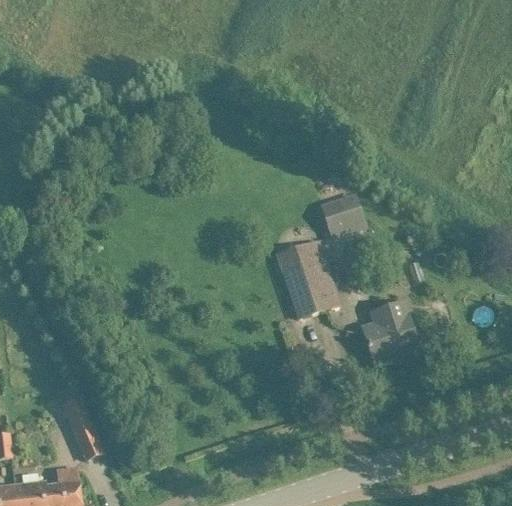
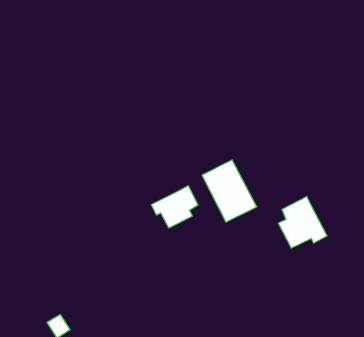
building: [321,196,363,238] -> none
building: none -> [151,186,198,228]

